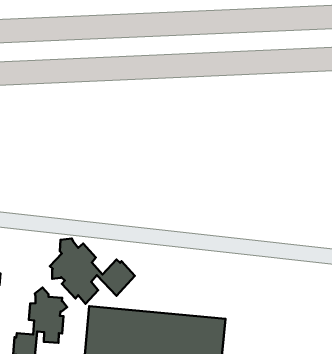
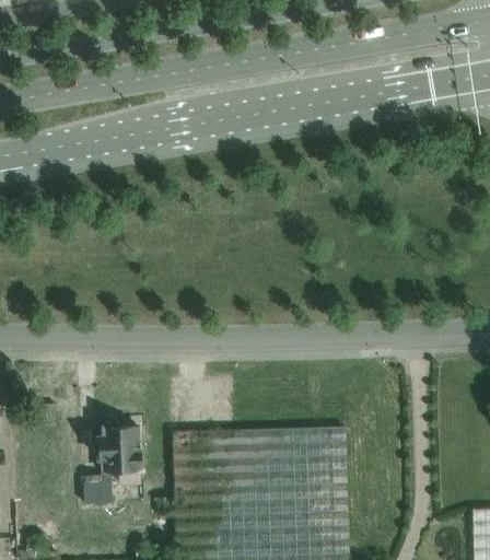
building: [50,239,135,304] -> none

